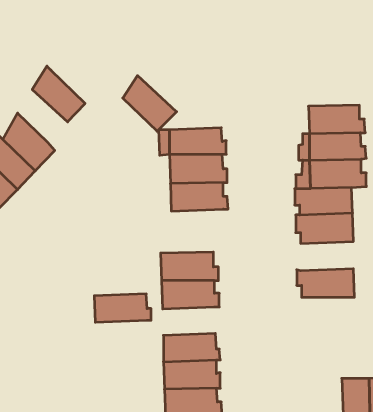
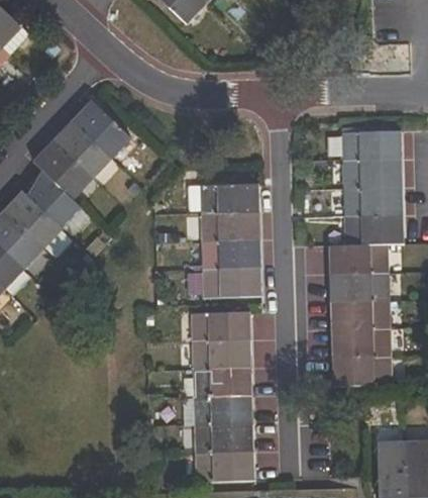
building: [123,76,177,131] -> [78,100,133,158]
building: none -> [342,130,401,161]
building: none -> [40,139,95,198]
building: none -> [202,267,260,296]
building: none -> [330,300,390,330]
building: [94,294,151,322] -> [193,368,251,397]
building: none -> [332,358,392,385]

